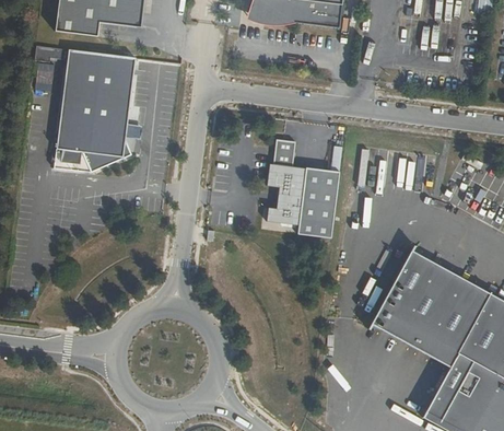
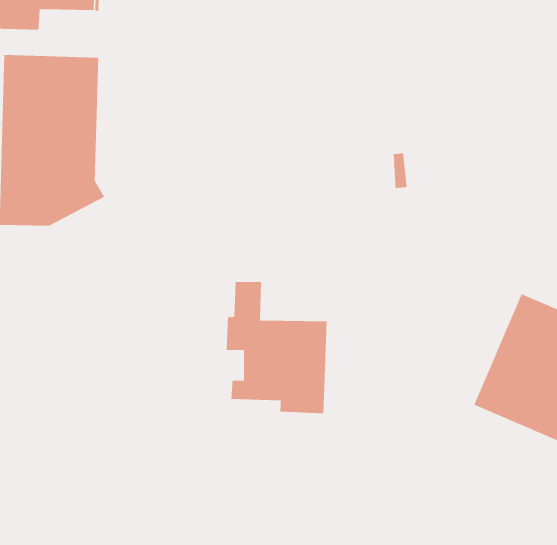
building: [265,138,337,235] -> [226,281,328,414]

